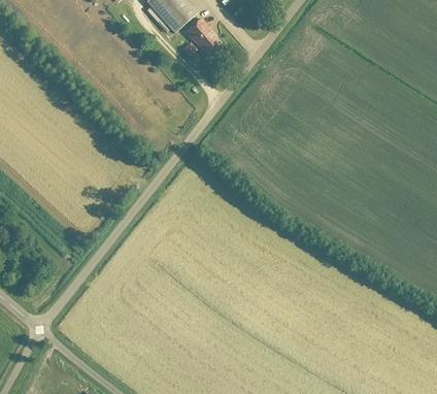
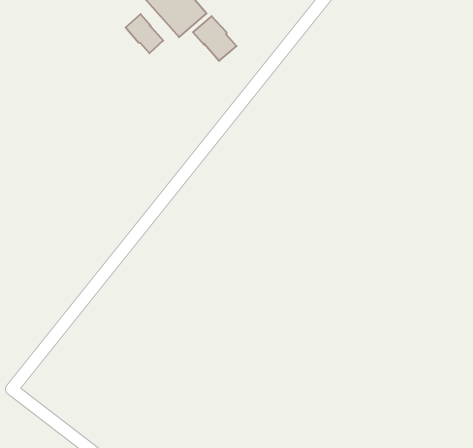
building: none -> [126,14,163,53]

